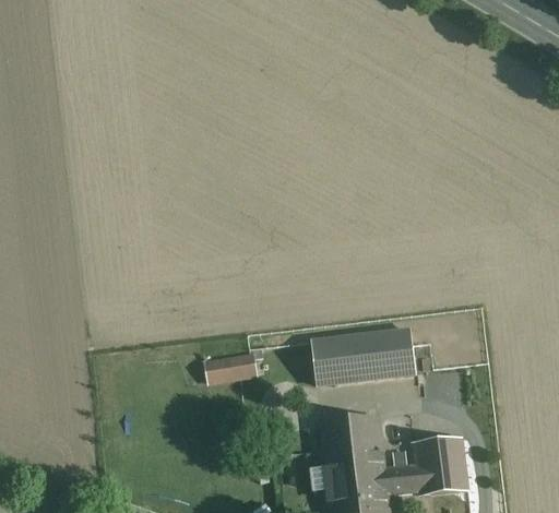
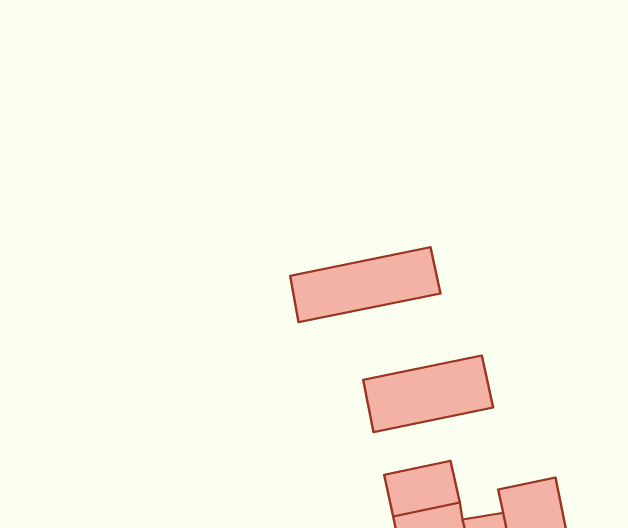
building: none -> [290,247,440,322]
building: [204,351,255,383] -> none

